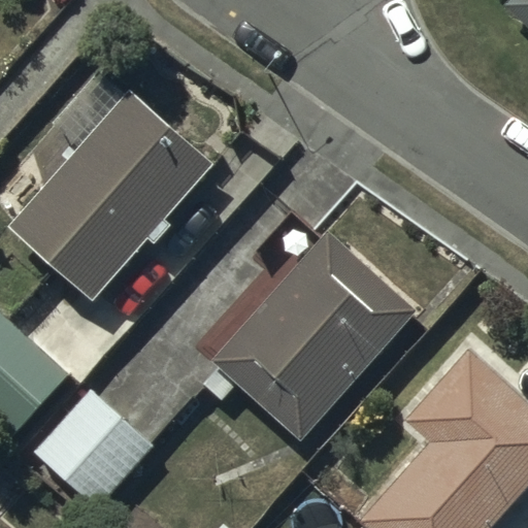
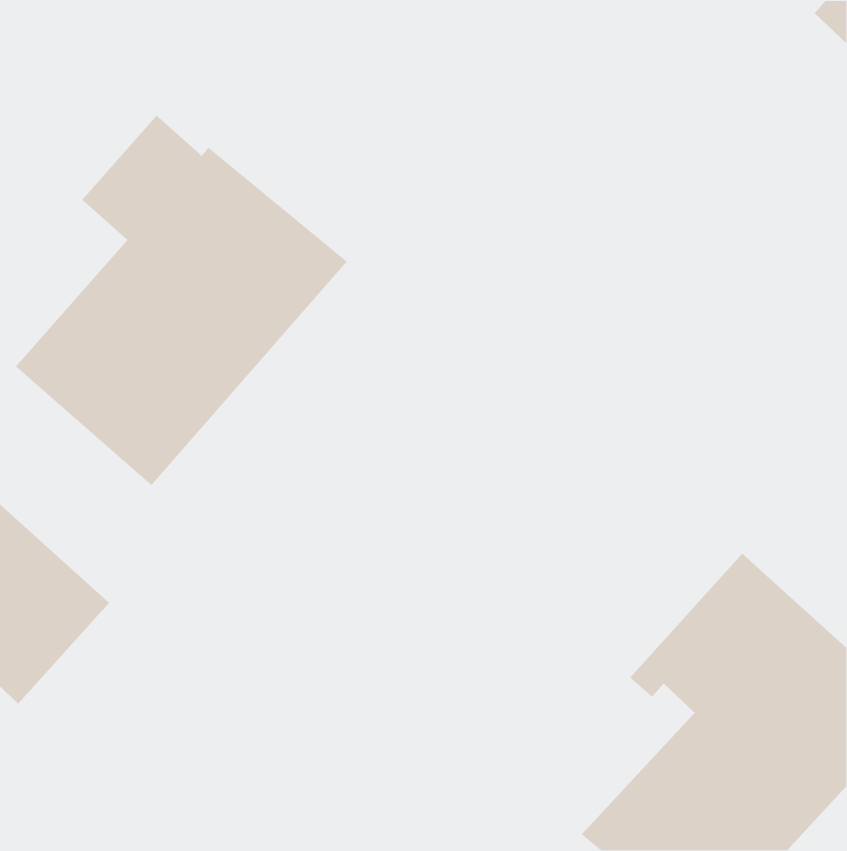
building: [210,229,416,442] -> none
building: [33,389,155,510] -> none

